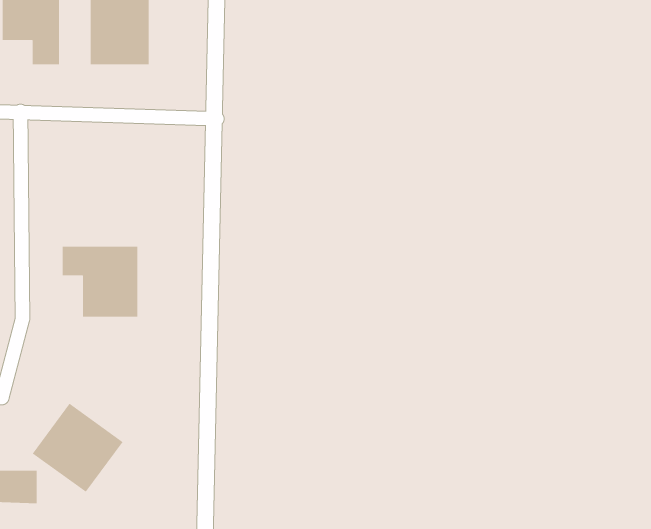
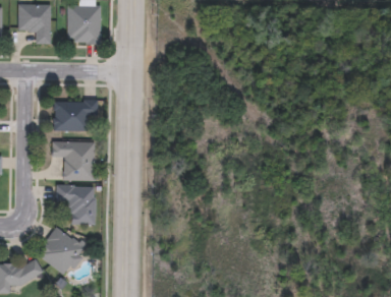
building: none -> [53,101,97,131]
building: none -> [55,185,94,224]

